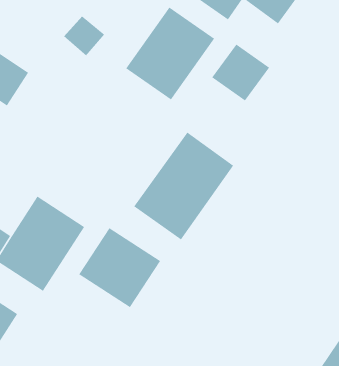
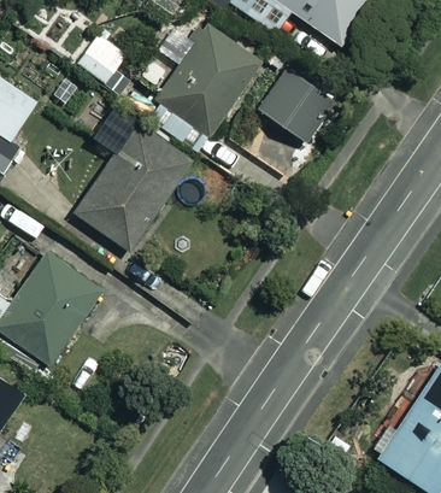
building: [133,131,234,241] -> [70,121,192,252]
building: [78,227,161,308] -> none

